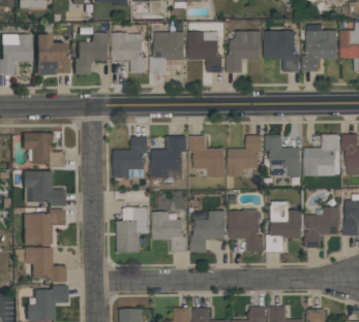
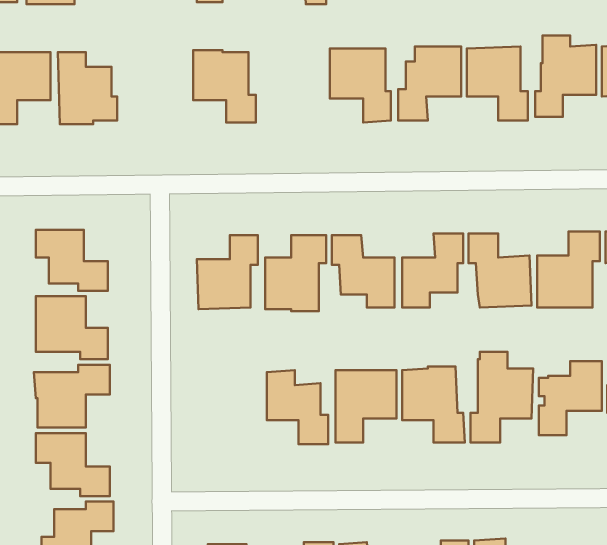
building: [150,32,184,73] -> none
building: [74,33,109,73] -> none
building: [117,207,149,253] -> none

